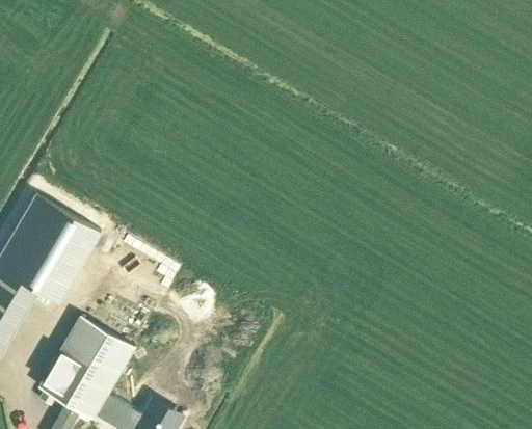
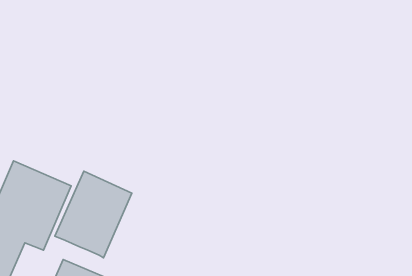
building: none -> [55,171,132,258]

